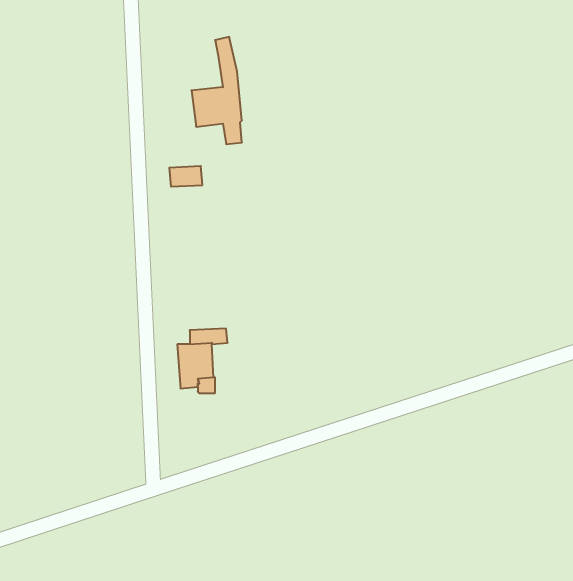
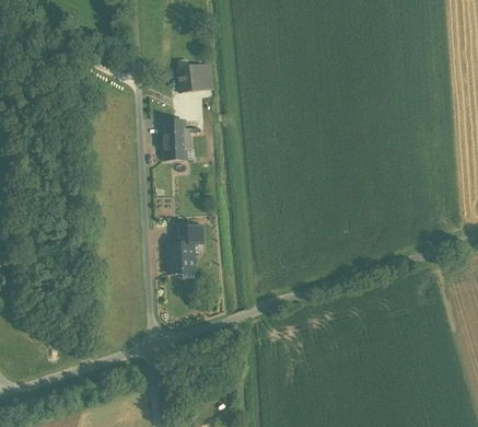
building: none -> [164,131,186,159]

